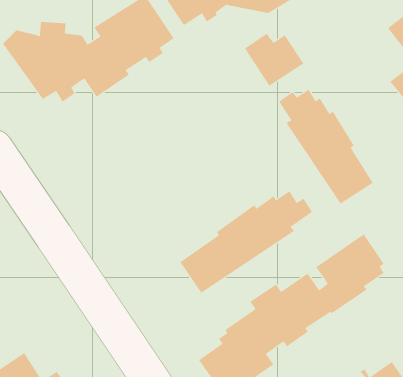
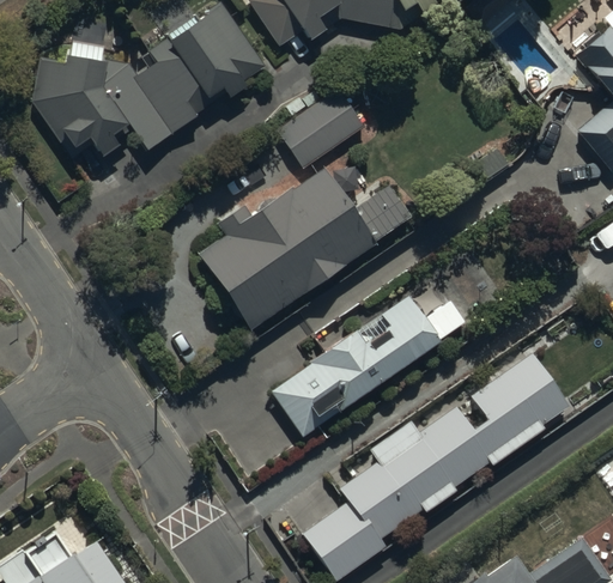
building: [244,33,304,87] -> [279,83,366,160]
building: [278,89,373,205] -> none
building: none -> [198,169,411,330]

